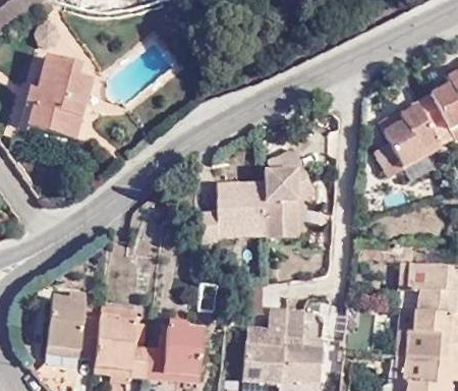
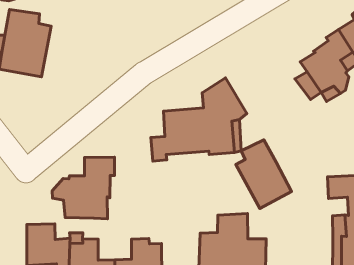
building: none -> [236,140,292,209]
building: none -> [52,157,115,219]

